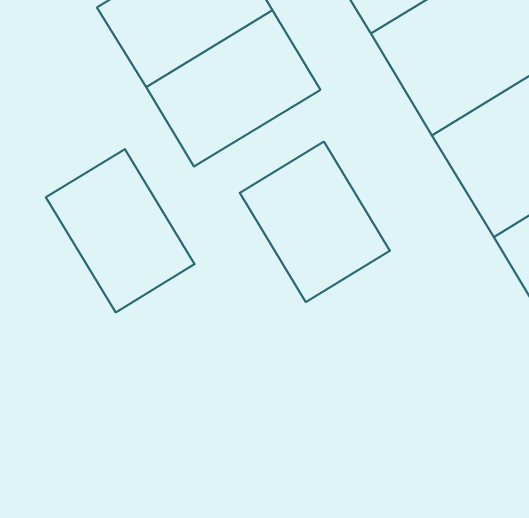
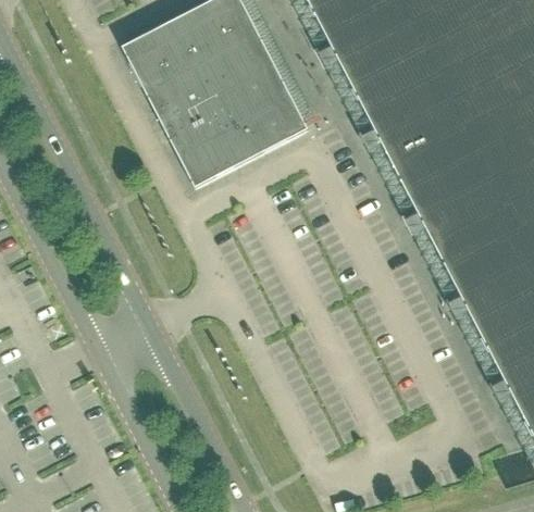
building: [240,142,390,302] -> none
building: [46,149,195,312] -> none

